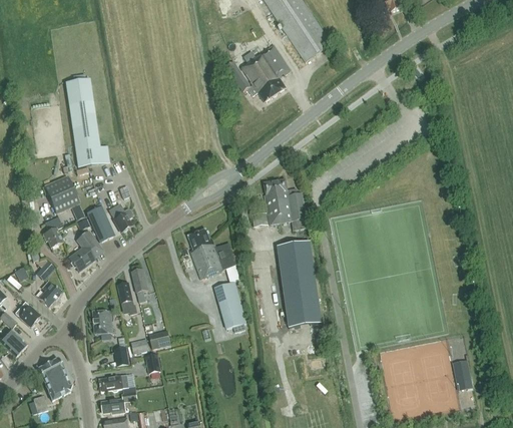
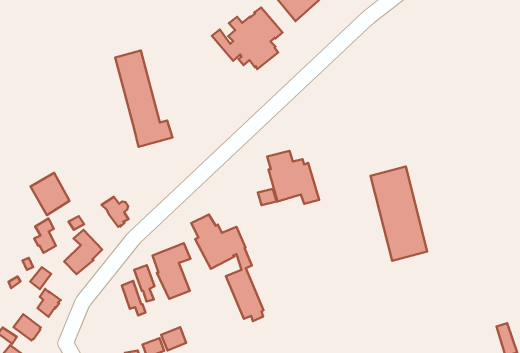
building: [65,78,109,166] -> [115,50,172,147]
building: [87,205,114,242] -> none
building: [278,243,322,328] -> [371,166,427,261]
building: none -> [152,243,191,299]
building: [93,311,112,334] -> none

